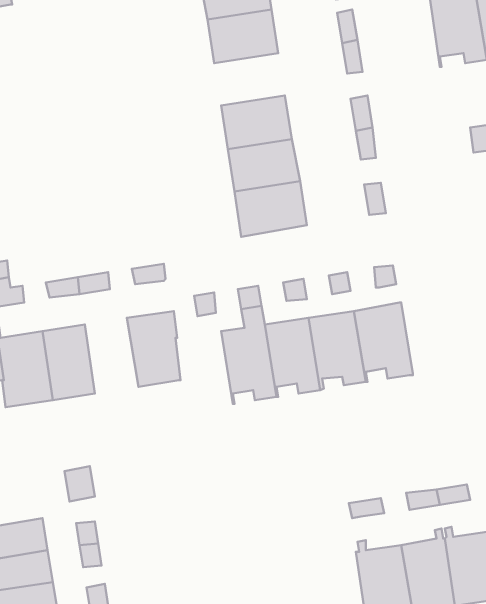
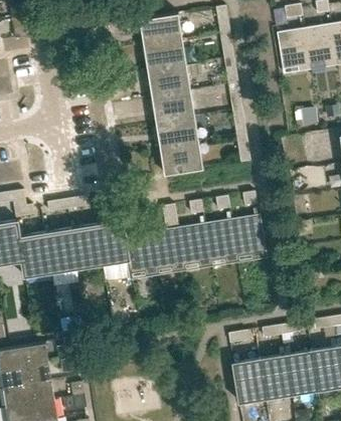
building: none -> [148,66,190,97]
building: none -> [70,224,103,269]
building: none -> [125,232,159,279]

